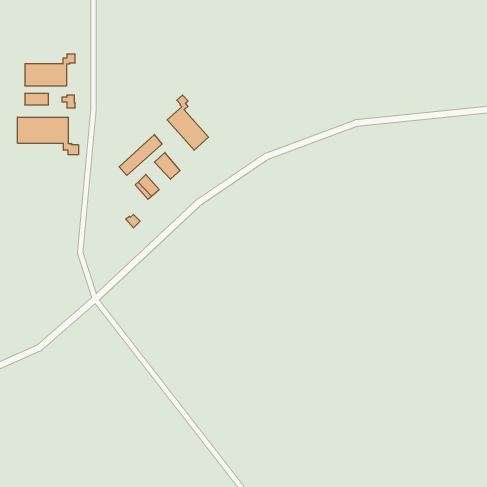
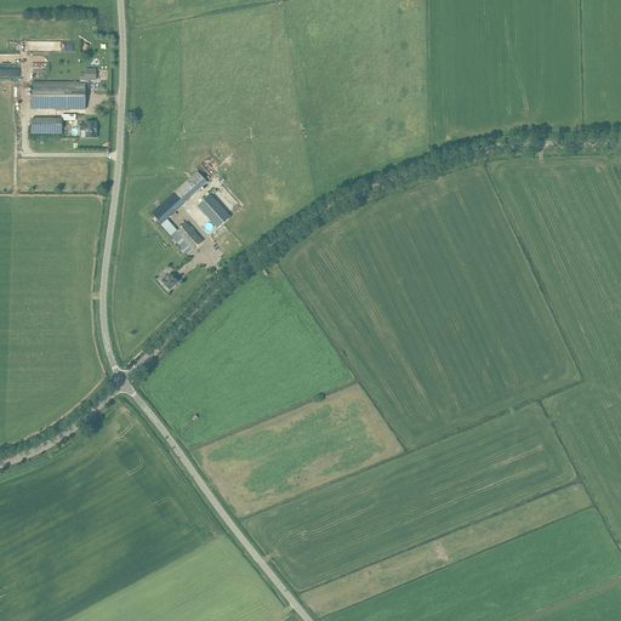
building: [167,95,209,150] -> none
building: [18,117,78,155] -> none

